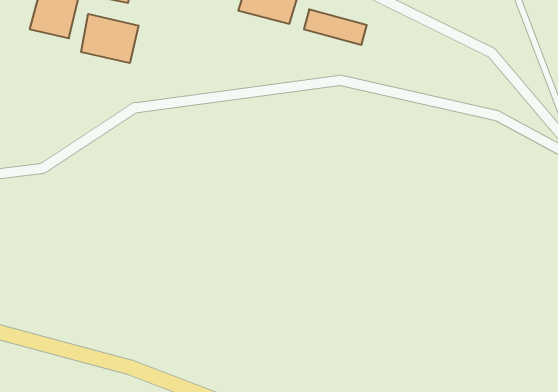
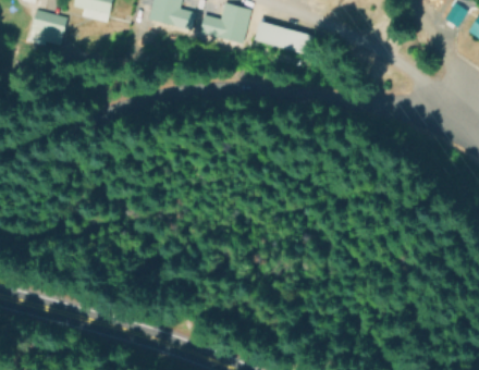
building: [81,14,139,63] -> none

